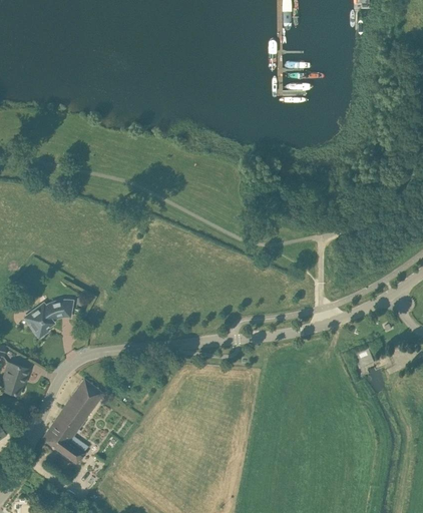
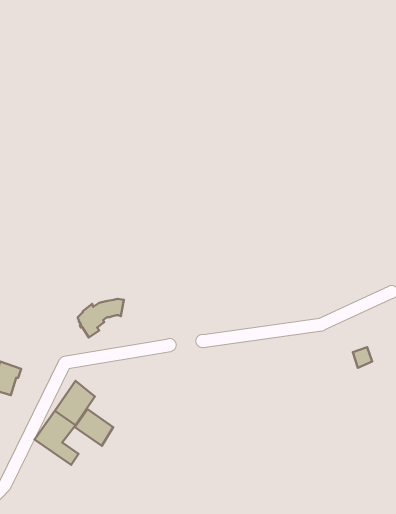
building: [27,301,72,339] -> [78,299,124,338]
building: none -> [75,409,113,446]

